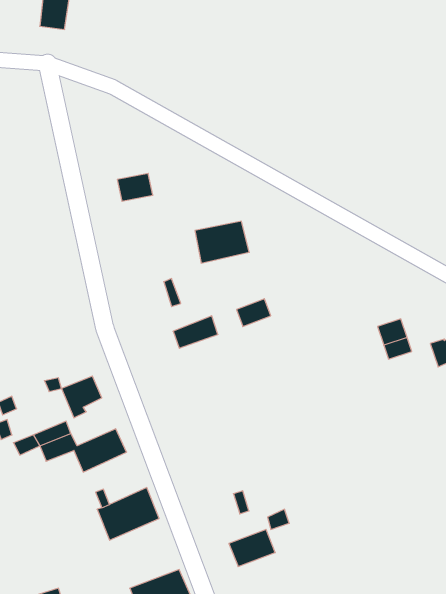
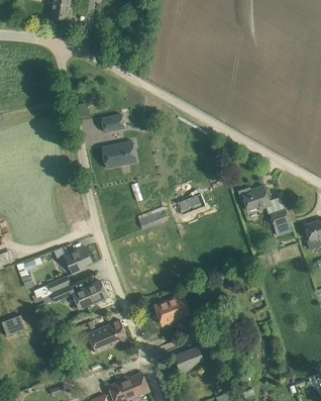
building: [195,221,249,263] -> [102,141,137,169]
building: none -> [237,185,272,209]
building: none -> [154,294,191,324]

